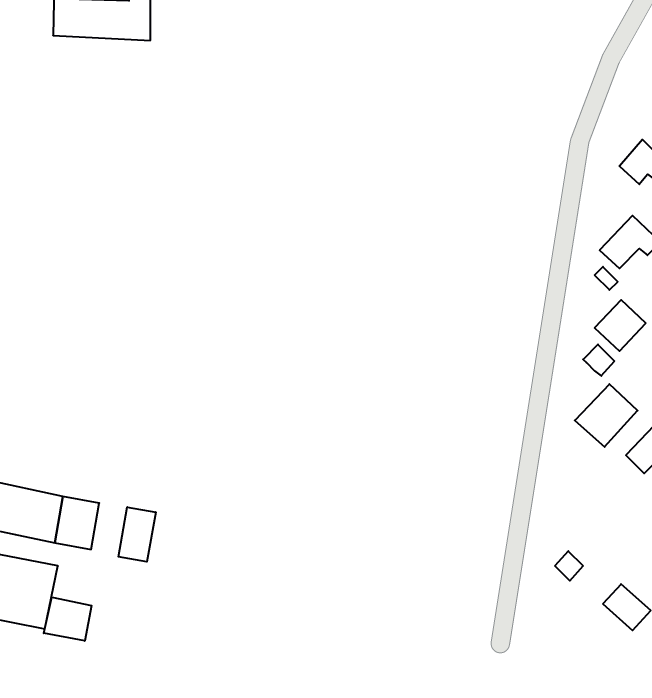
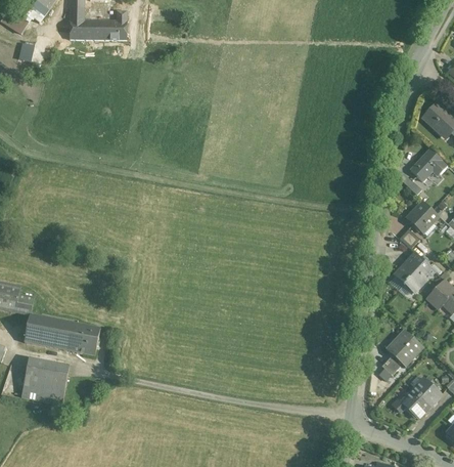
building: none -> [385,329,421,366]
building: [118,507,156,562] -> none
building: [44,597,92,641] -> none
building: none -> [392,389,429,418]

